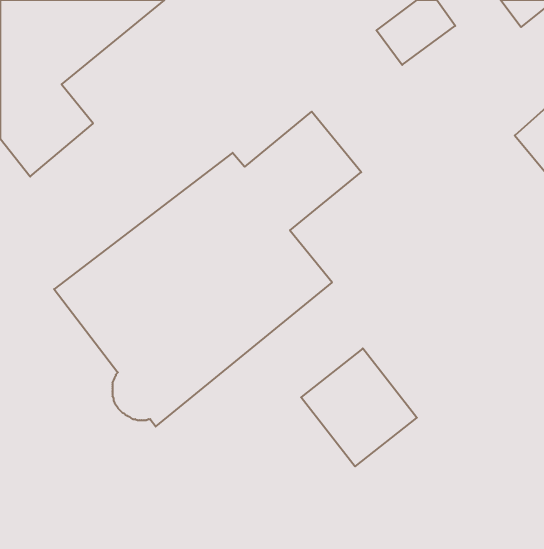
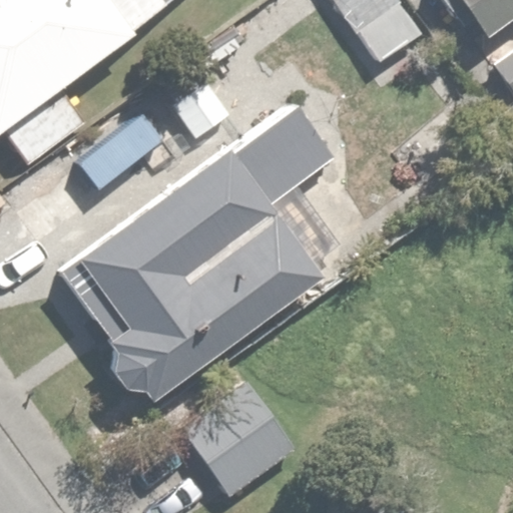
building: [301,348,417,466] -> [186,383,294,492]

